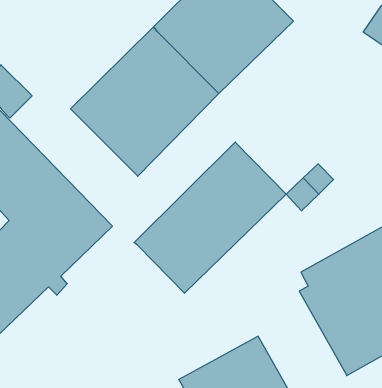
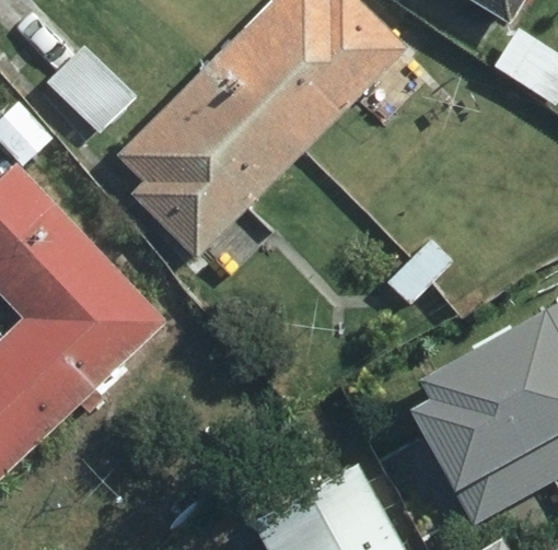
building: [134,142,286,293] -> none

